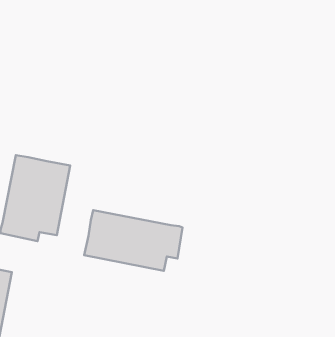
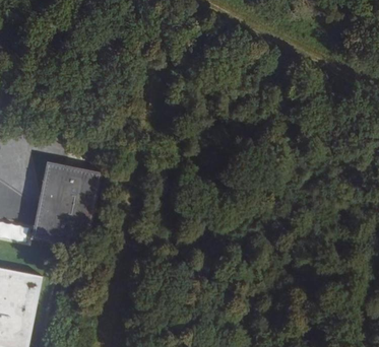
building: [84,210,182,271] -> none

